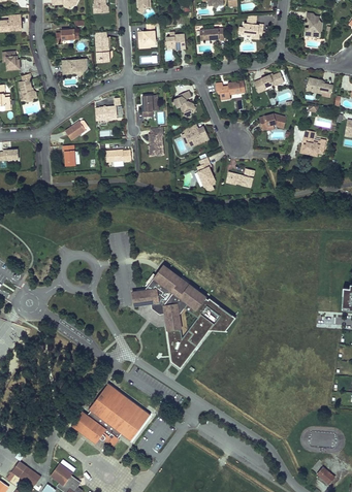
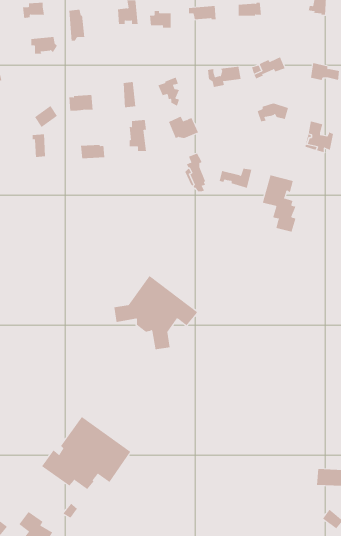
building: none -> [262,175,296,233]
building: [169,296,236,362] -> none

